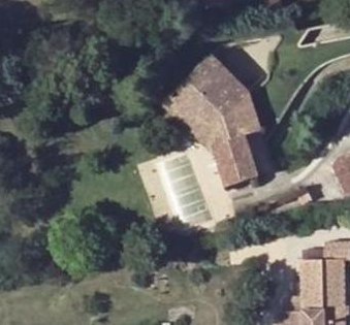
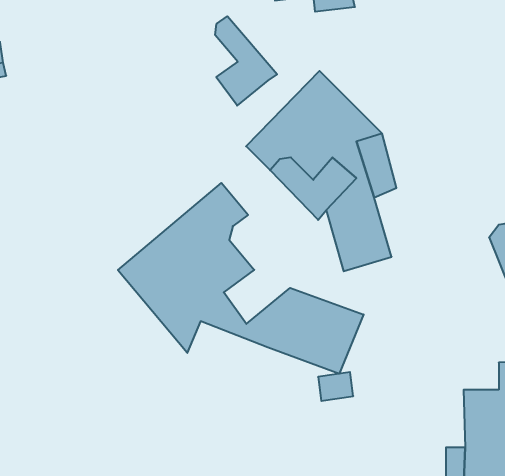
building: none -> [215,16,277,106]
building: none -> [118,183,364,374]

